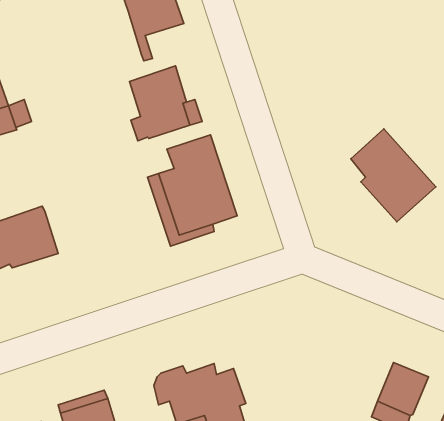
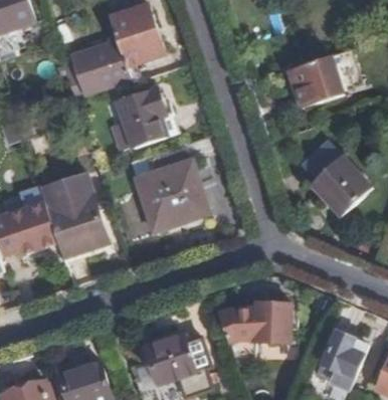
building: none -> [60,41,128,96]
building: none -> [287,55,342,108]
building: none -> [40,174,108,255]
building: none -> [218,303,290,367]

